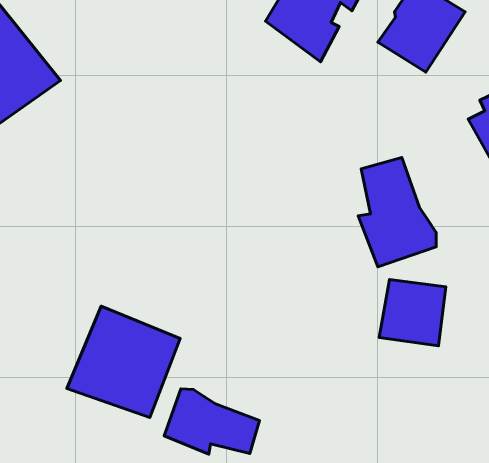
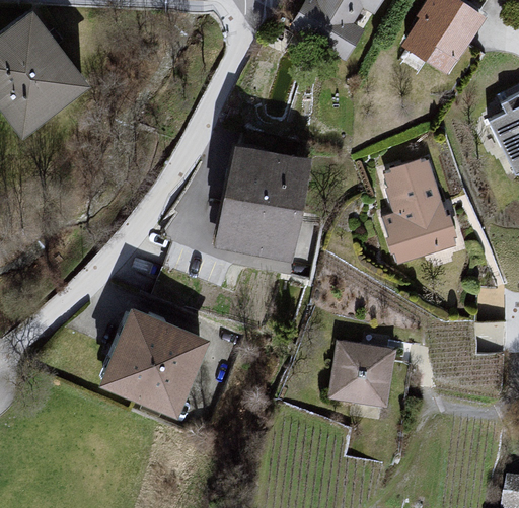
building: none -> [214,140,314,260]
building: [379,279,446,346] -> [329,344,394,409]
building: [164,389,259,454] -> none

